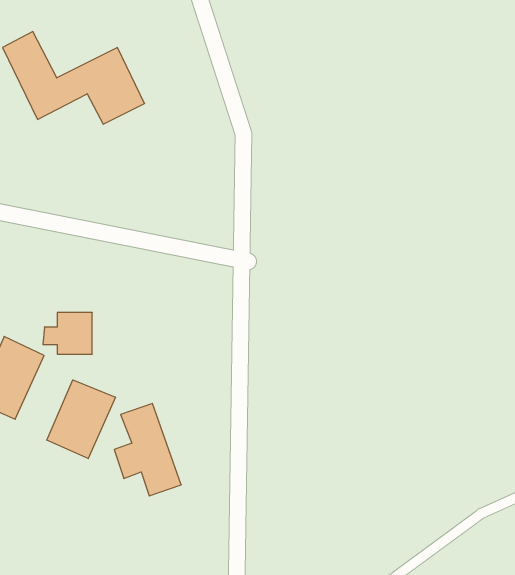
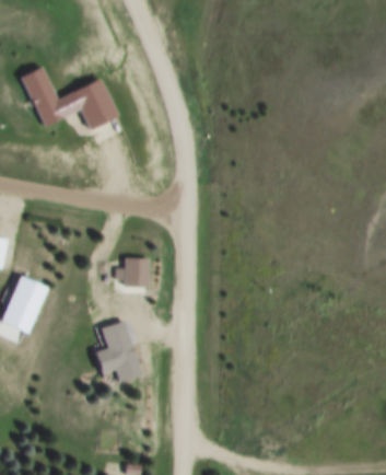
building: [43,313,92,354] -> [115,257,149,286]
building: [47,380,115,459] -> none

